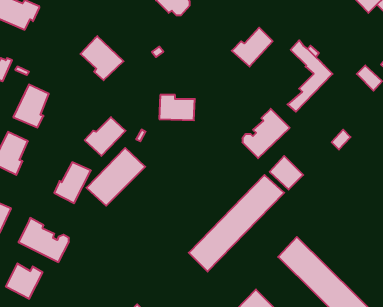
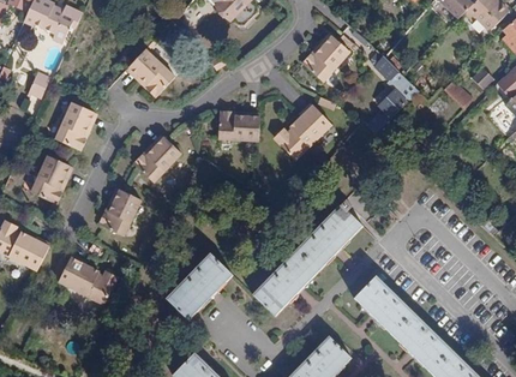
building: [242,109,290,158] -> [277,103,331,160]
building: [86,148,145,206] -> [164,252,232,318]
building: [6,263,42,299] -> none

